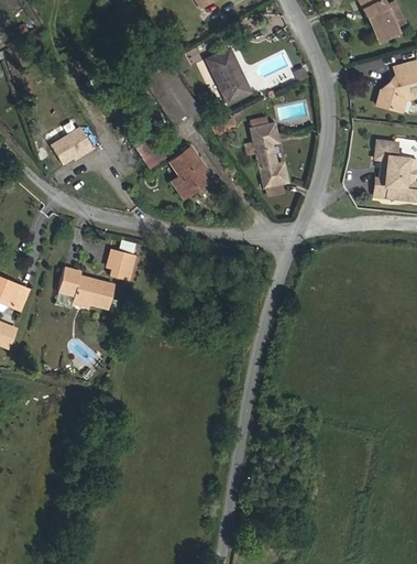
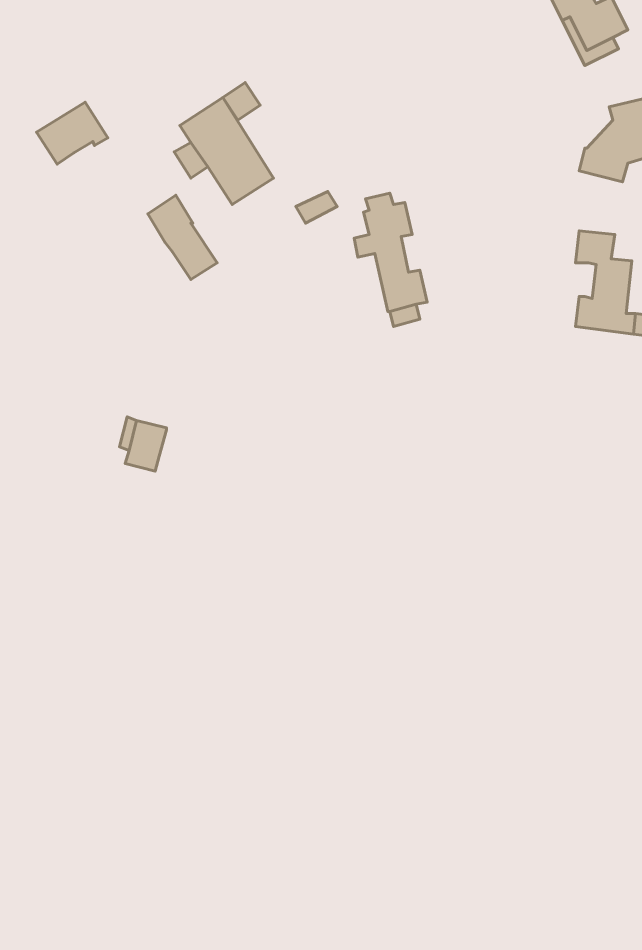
building: [206,48,251,104] -> none
building: [51,128,92,164] -> [36,102,108,164]
building: [168,147,212,198] -> none
building: [58,268,114,310] -> none

